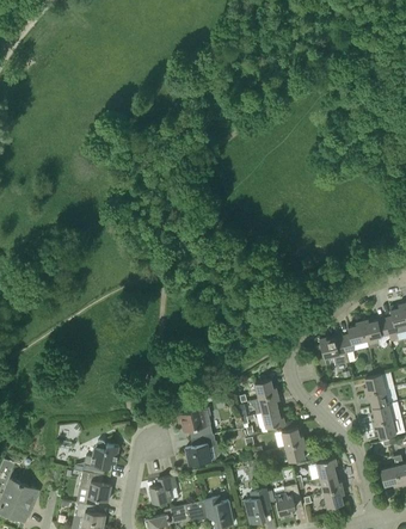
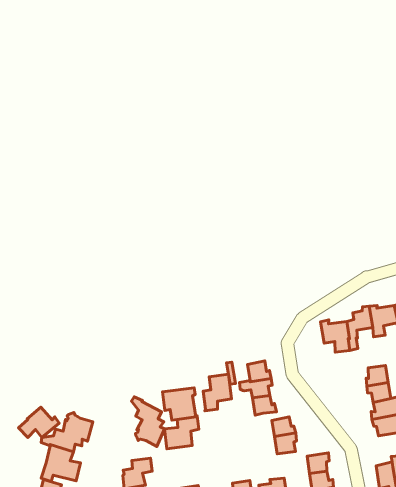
building: none -> [203,374,232,411]
building: none -> [131,397,165,446]
building: none -> [18,407,59,437]

